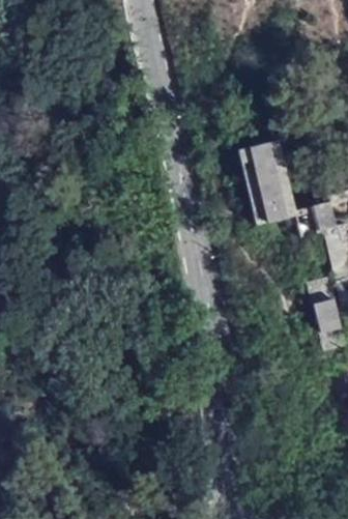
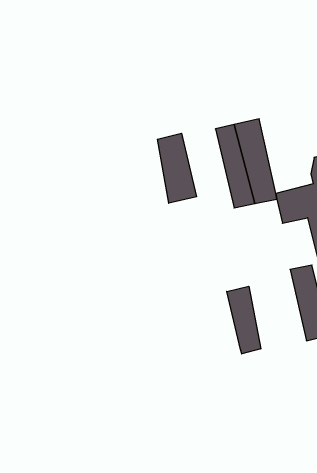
building: none -> [157,133,196,203]
building: none -> [227,286,261,354]

